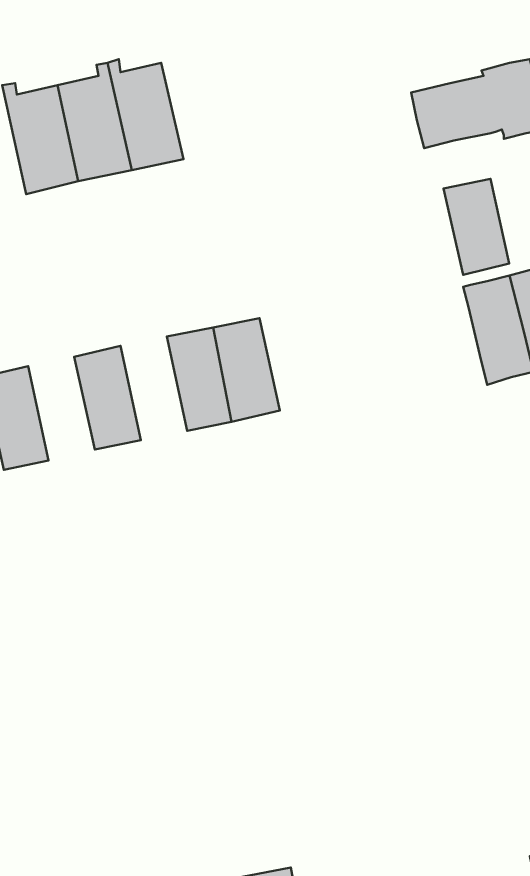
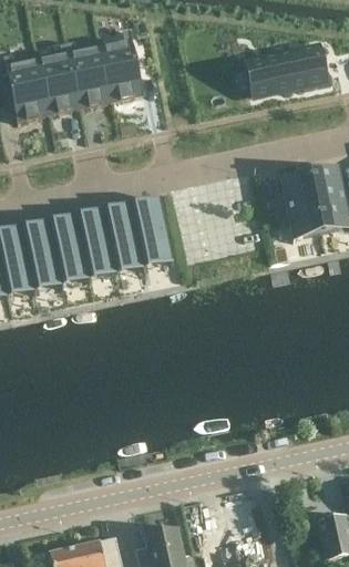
building: none -> [100,31,145,103]
building: [444,179,509,275] -> none
building: none -> [75,209,115,271]
building: none -> [20,221,60,284]

